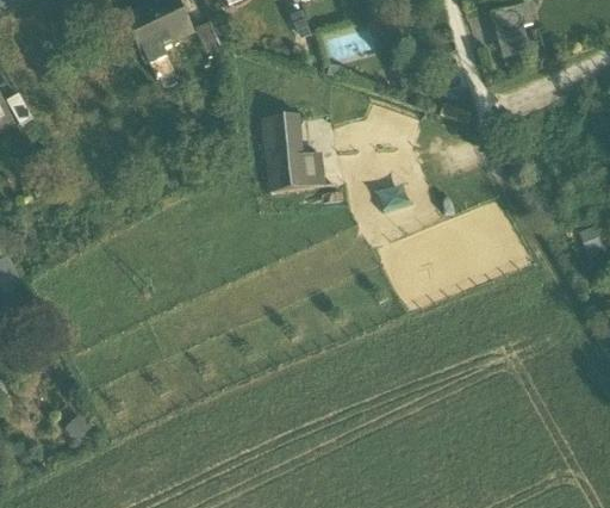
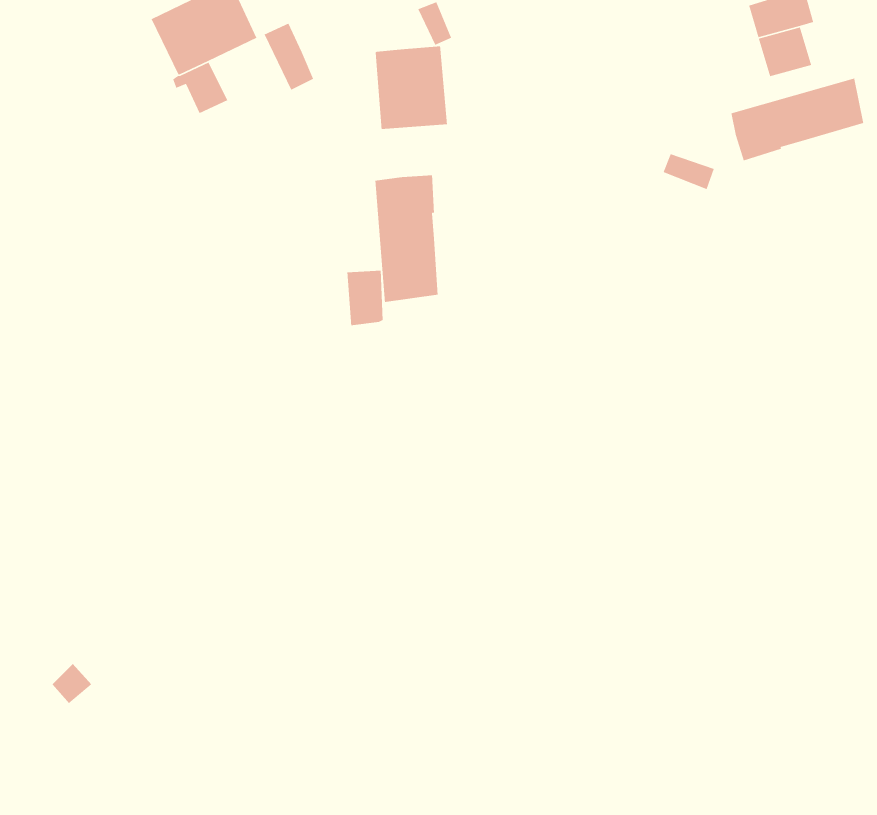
building: none -> [375,45,448,130]
building: none -> [731,77,864,161]
building: [300,153,323,187] -> [346,270,383,326]

